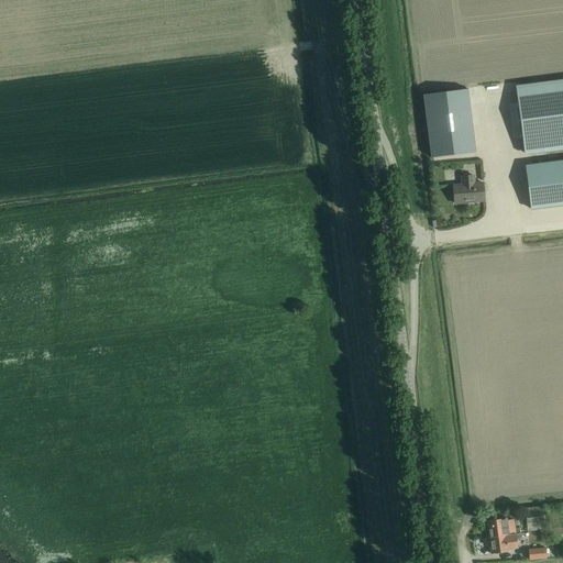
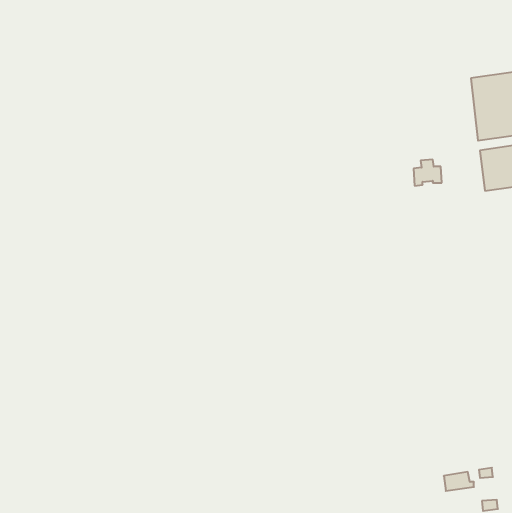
building: [424,89,476,157] -> none
building: [489,533,521,553] -> none

